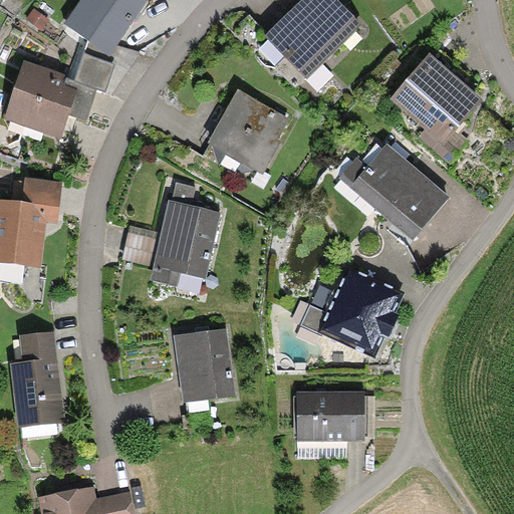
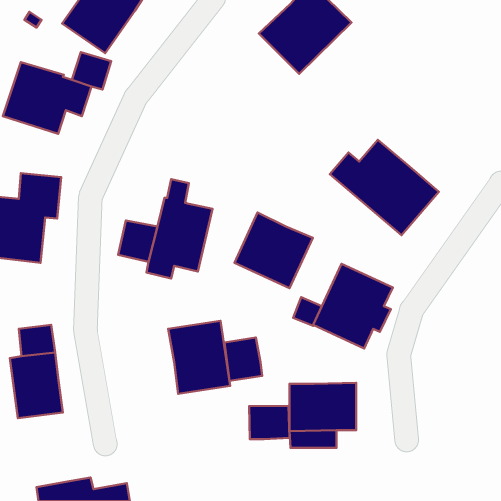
building: [391,56,480,162] -> none
building: [207,90,286,173] -> none
building: none -> [234,212,313,288]
building: none -> [224,337,262,381]
building: none -> [249,406,290,439]

